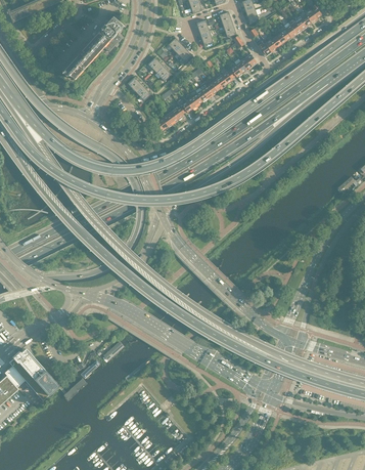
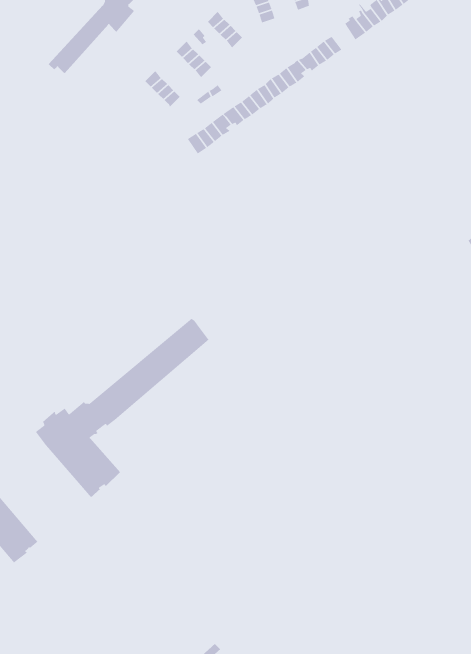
building: none -> [35,318,210,498]

